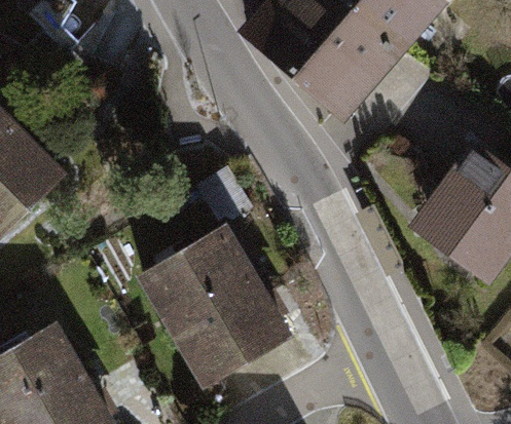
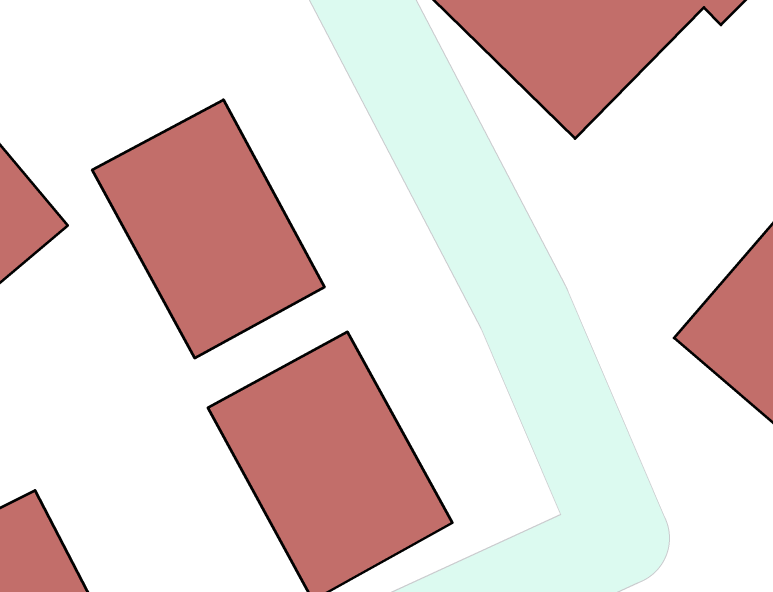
building: none -> [92,100,324,358]

